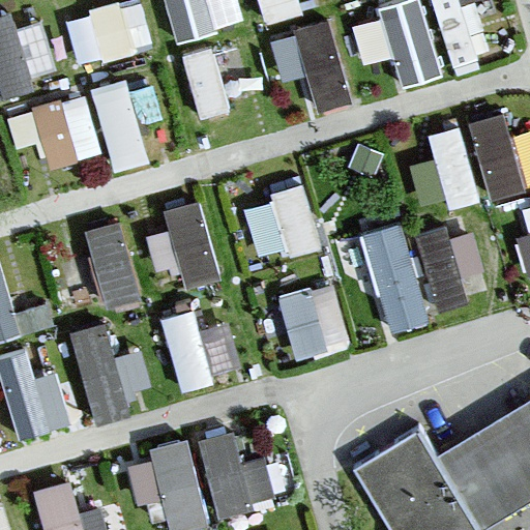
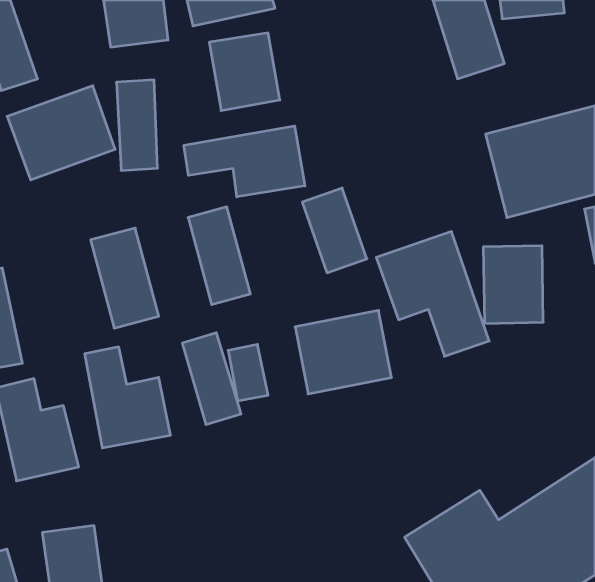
building: [271,21,350,108] -> none
building: none -> [184,126,305,197]
building: [125,432,269,524] -> none

